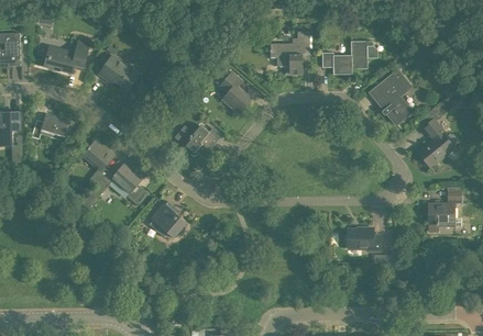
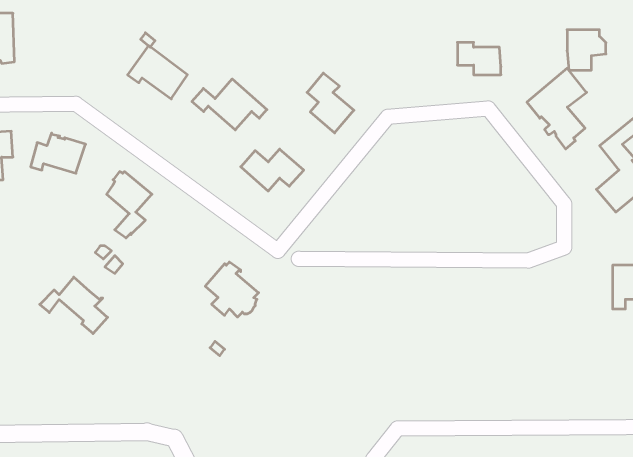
building: [268,32,308,75] -> none
building: [44,41,90,74] -> none
building: [351,41,377,68] -> [567,30,606,70]
building: none -> [192,79,267,130]
building: [100,164,146,202] -> [40,277,108,334]
building: [345,227,381,250] -> none

